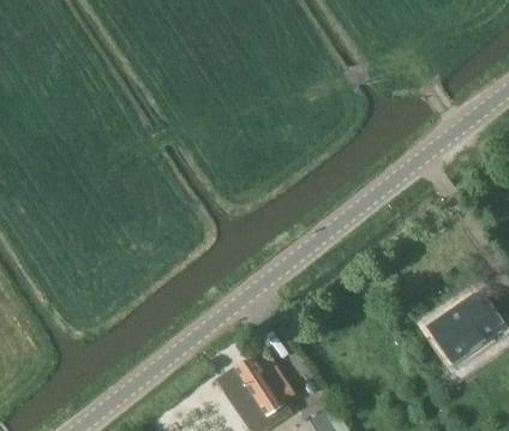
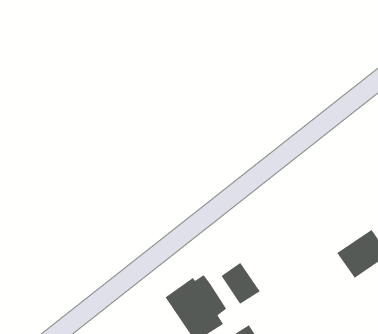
building: none -> [221,262,261,305]

